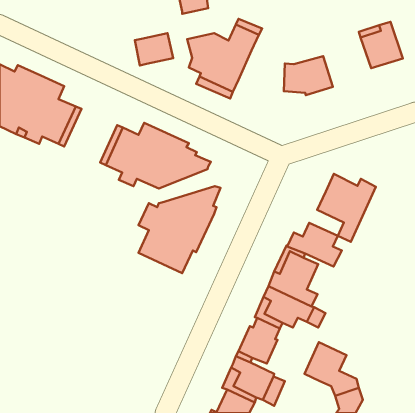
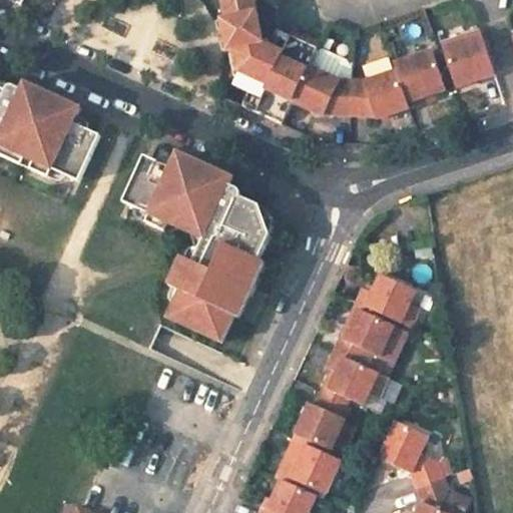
building: [135,33,173,66] -> [216,10,264,50]
building: none -> [396,50,447,107]
building: none -> [294,62,351,113]
building: none -> [195,199,272,249]
building: [317,174,376,242] -> none

